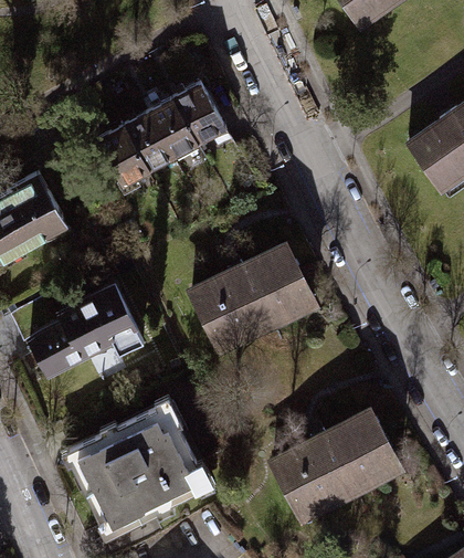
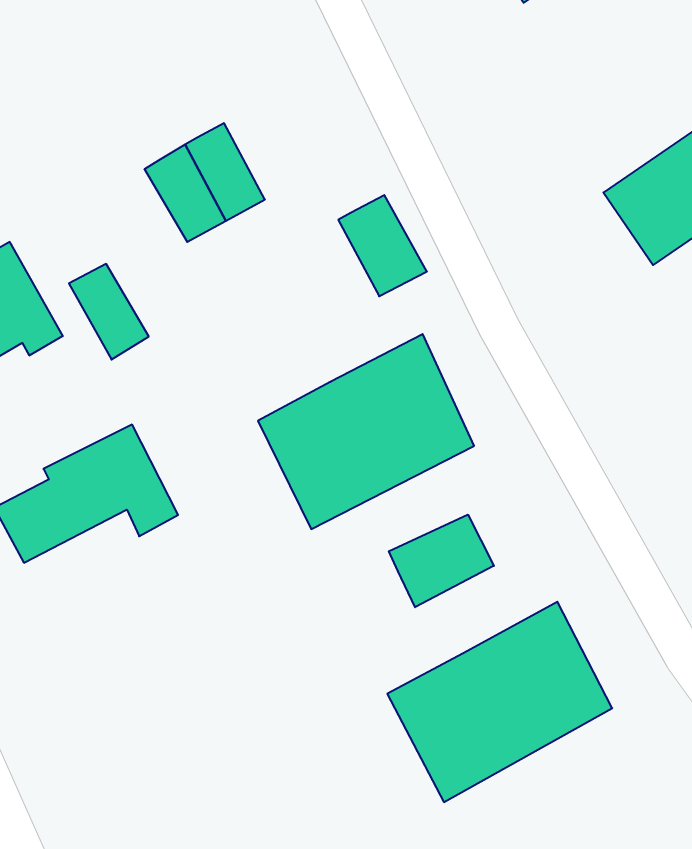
building: [169,86,224,149] -> [338,195,427,296]
building: [96,130,146,190] -> [69,264,149,360]
building: none -> [389,515,494,607]
building: [67,406,203,540] -> none

